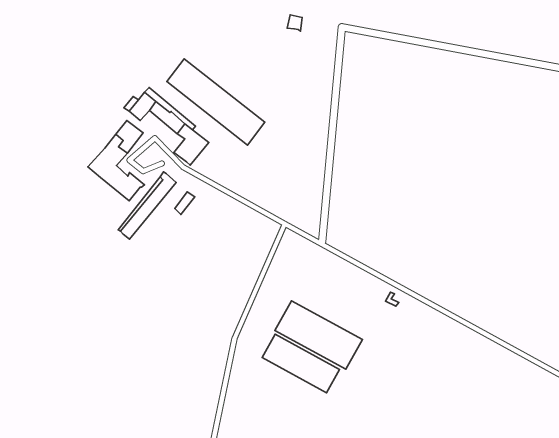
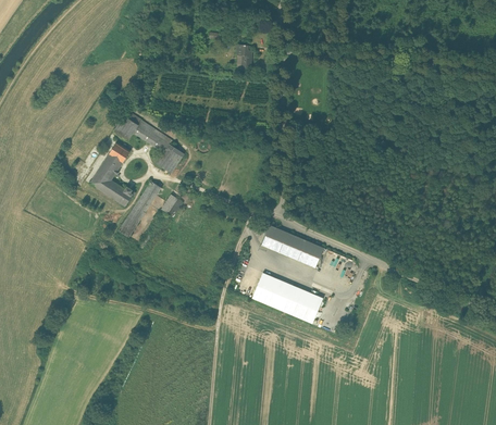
building: [167,59,265,145] -> none
building: [262,334,340,393] -> [261,225,324,267]

